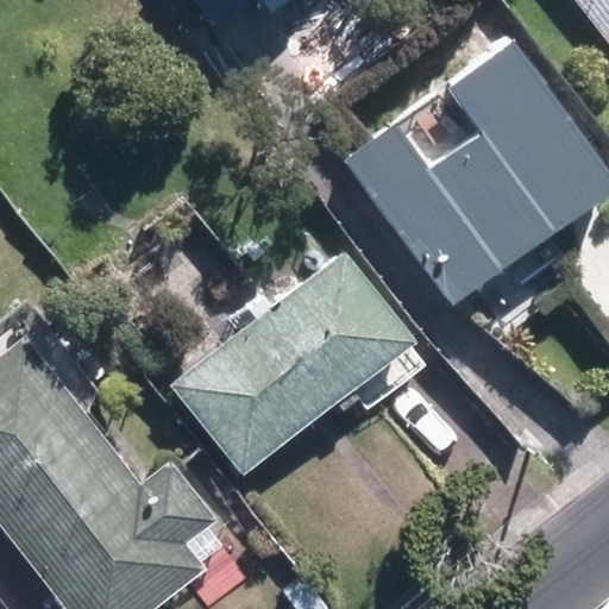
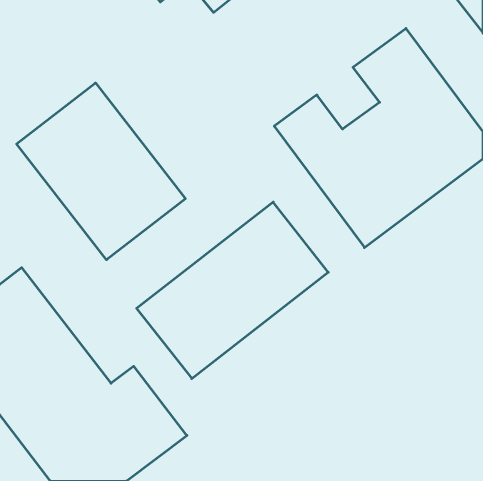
building: none -> [17,83,185,260]

